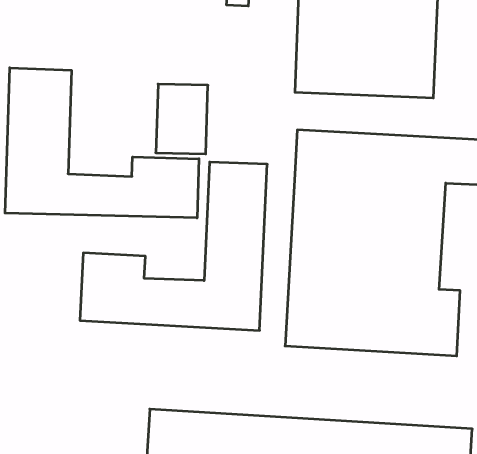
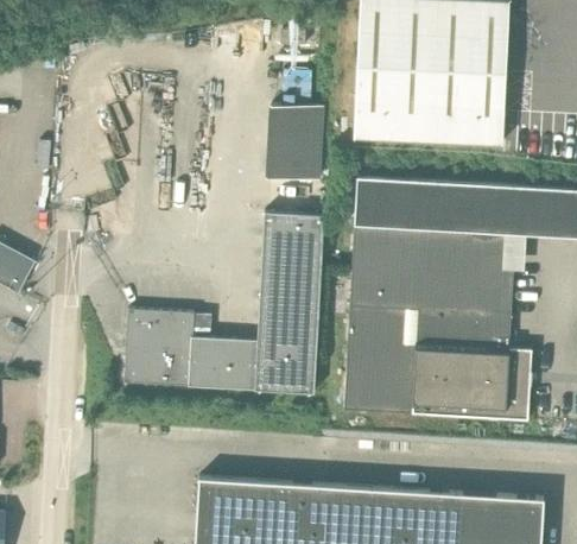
building: [5,68,199,218] -> none
building: [156,84,208,154] -> [267,108,323,183]

